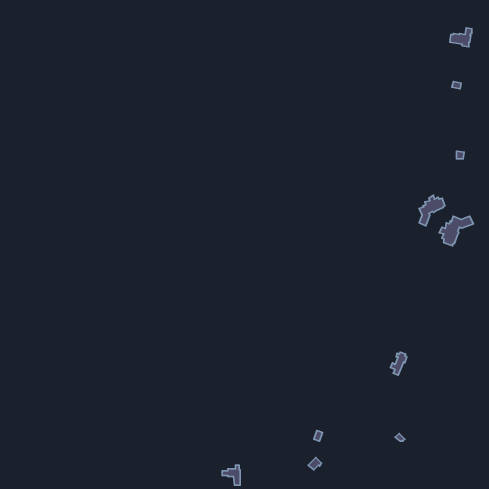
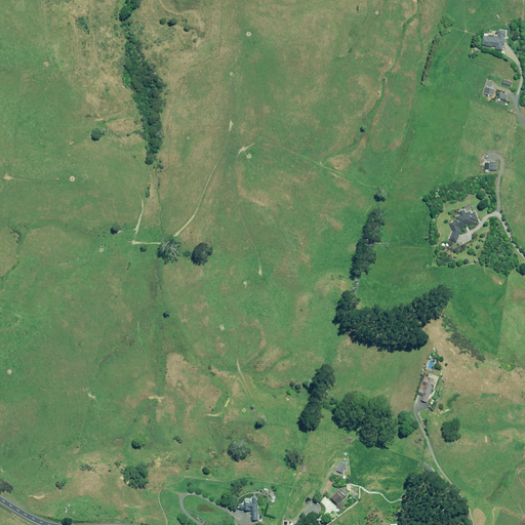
building: [439,216,473,246] -> none

